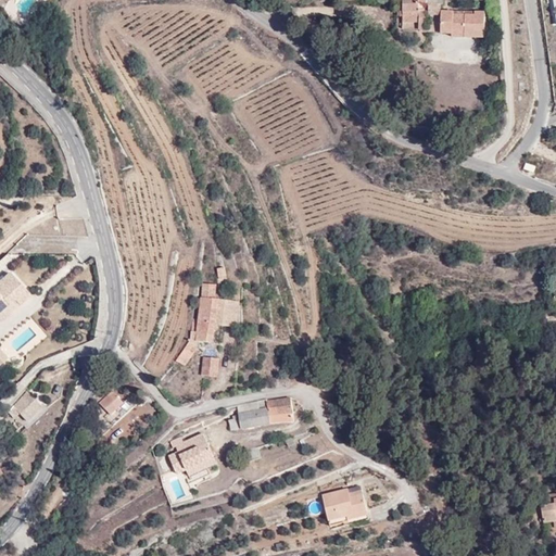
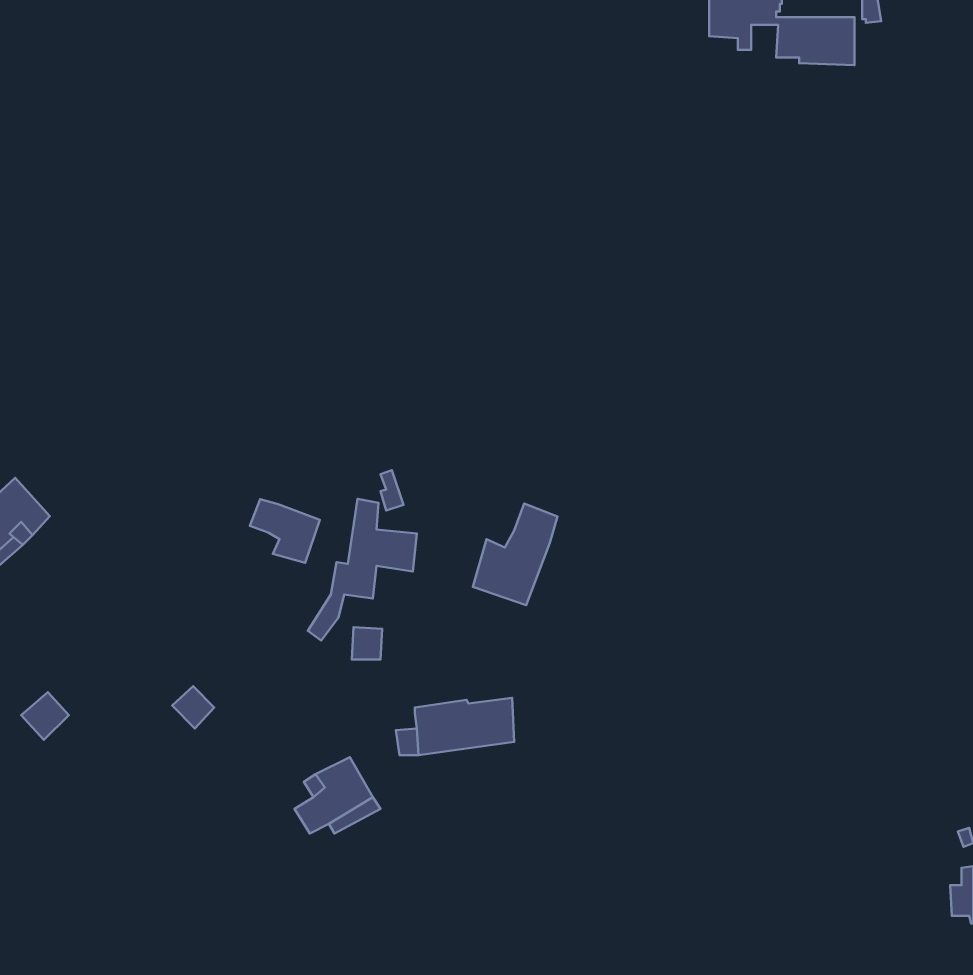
building: none -> [250,499,320,563]
building: none -> [473,504,557,605]
building: [314,486,361,526] -> none

